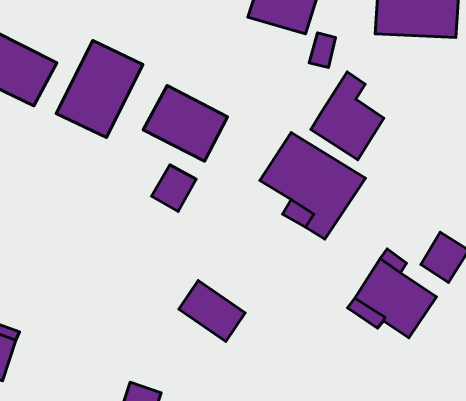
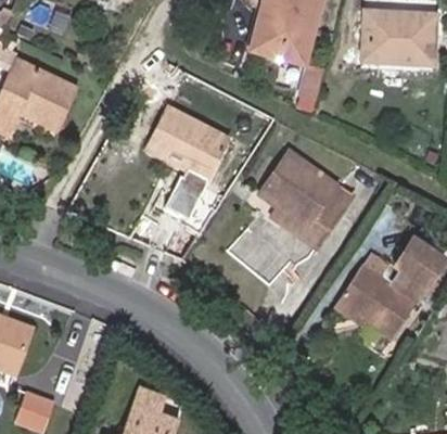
building: [56,41,143,137] -> none
building: [311,72,384,160] -> none
building: [179,280,245,342] -> [233,234,293,290]

